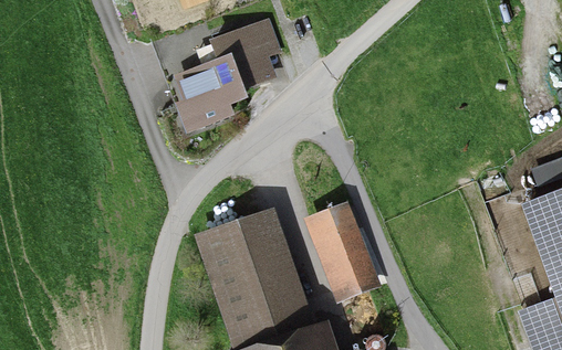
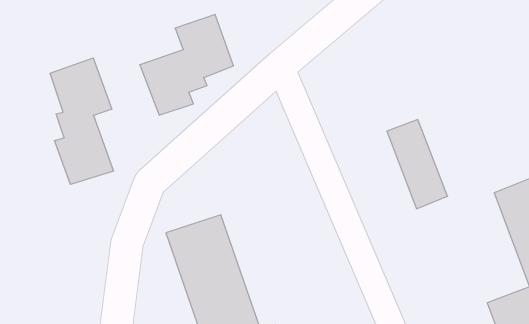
building: none -> [50,58,114,184]
building: [316,209,375,295] -> [387,120,448,209]

